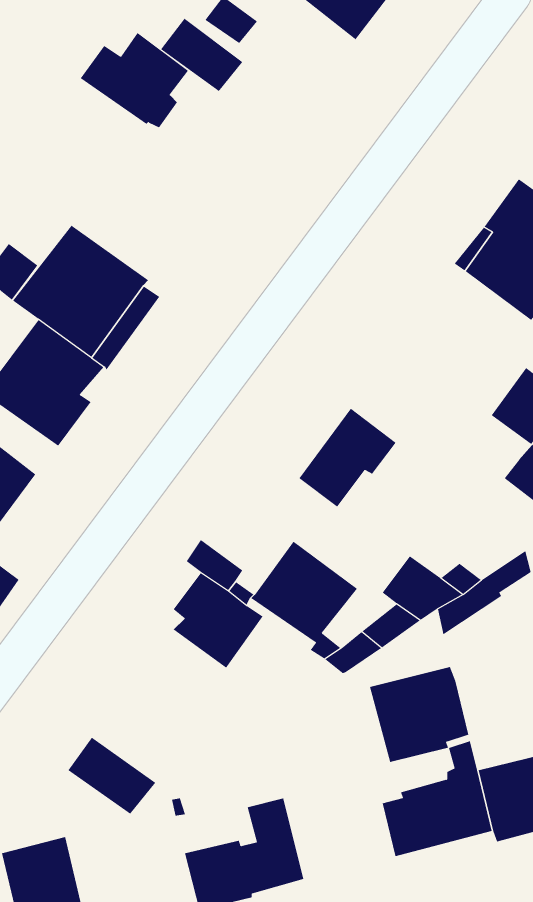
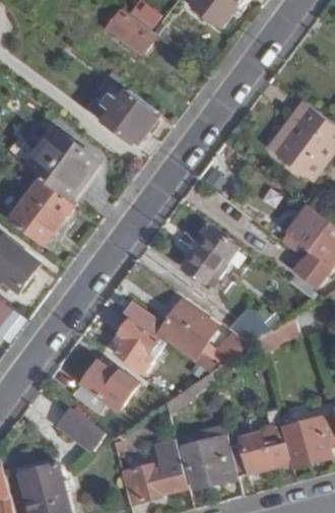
building: [80,32,189,128] -> [93,89,153,142]
building: none -> [72,362,137,413]
building: [369,666,469,762] -> [180,436,234,489]

